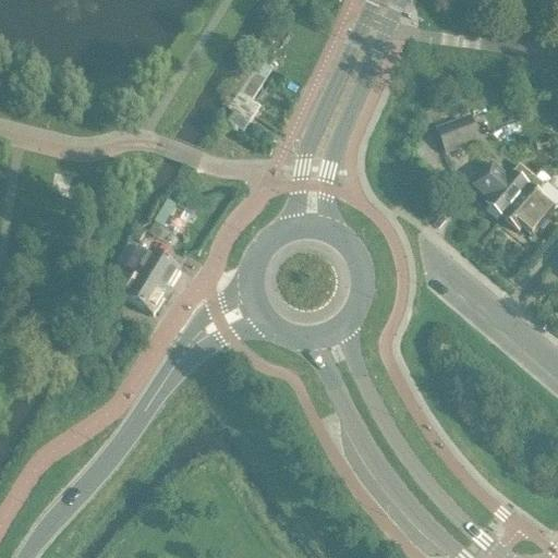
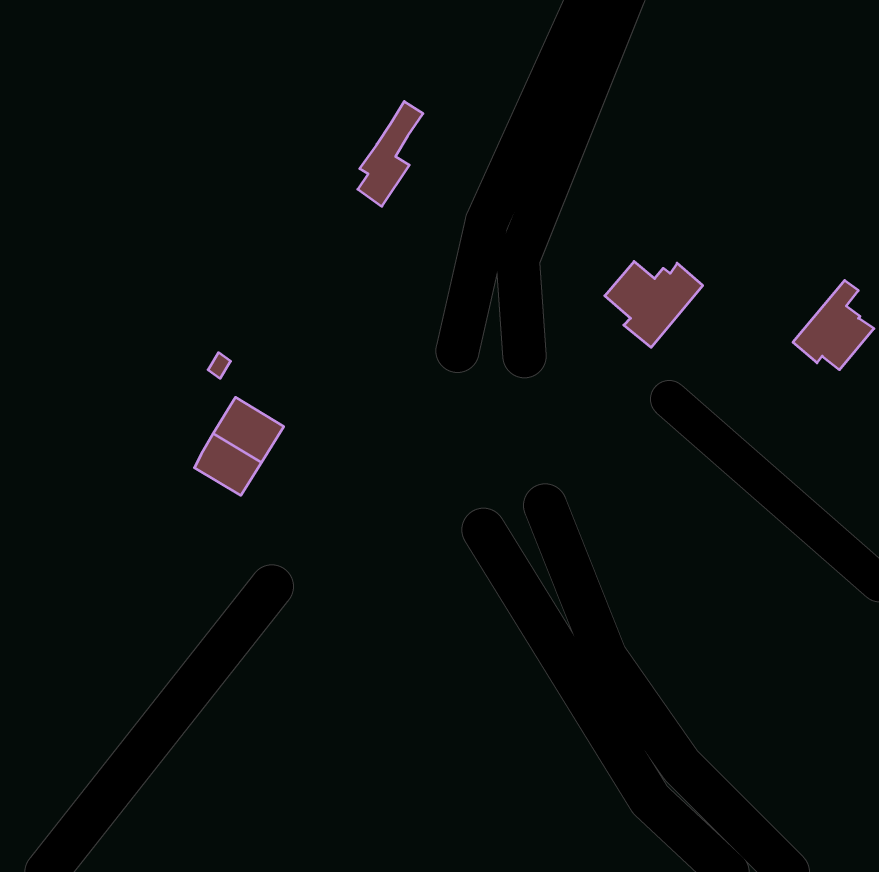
building: [436,114,477,151] -> none
building: [473,162,535,217] -> [605,261,703,347]

